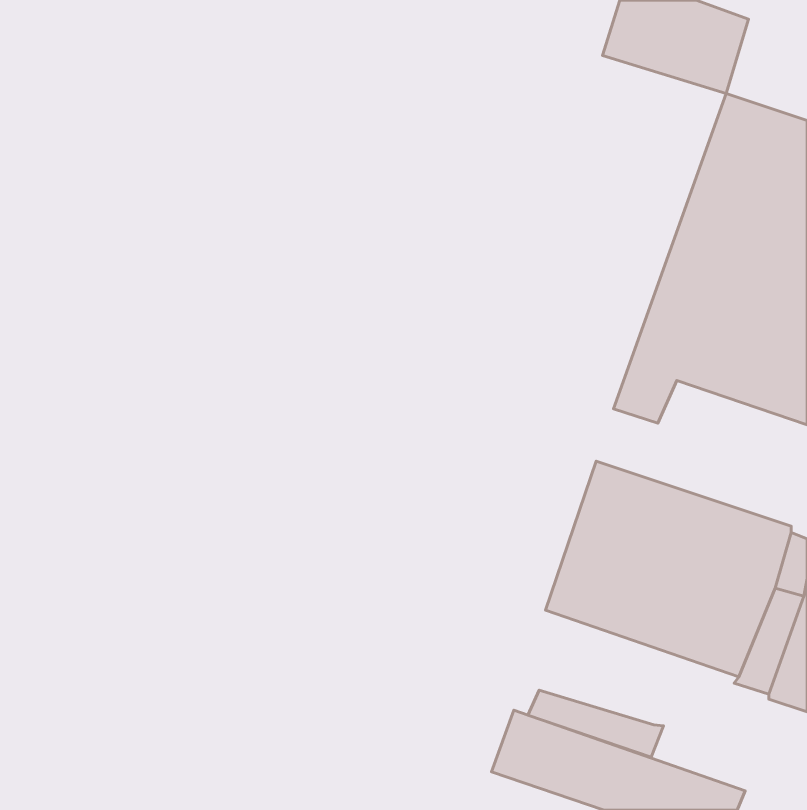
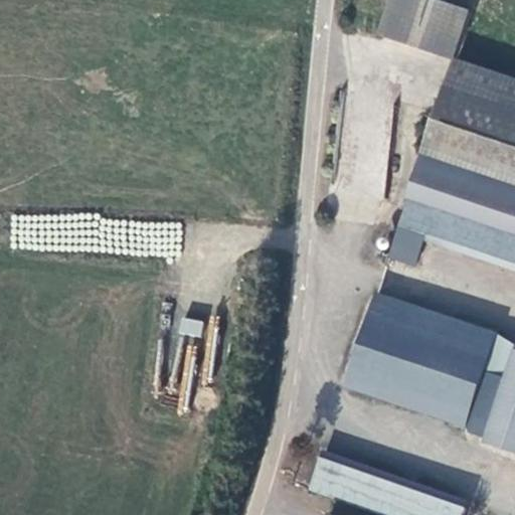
building: [528,690,664,757] -> none

